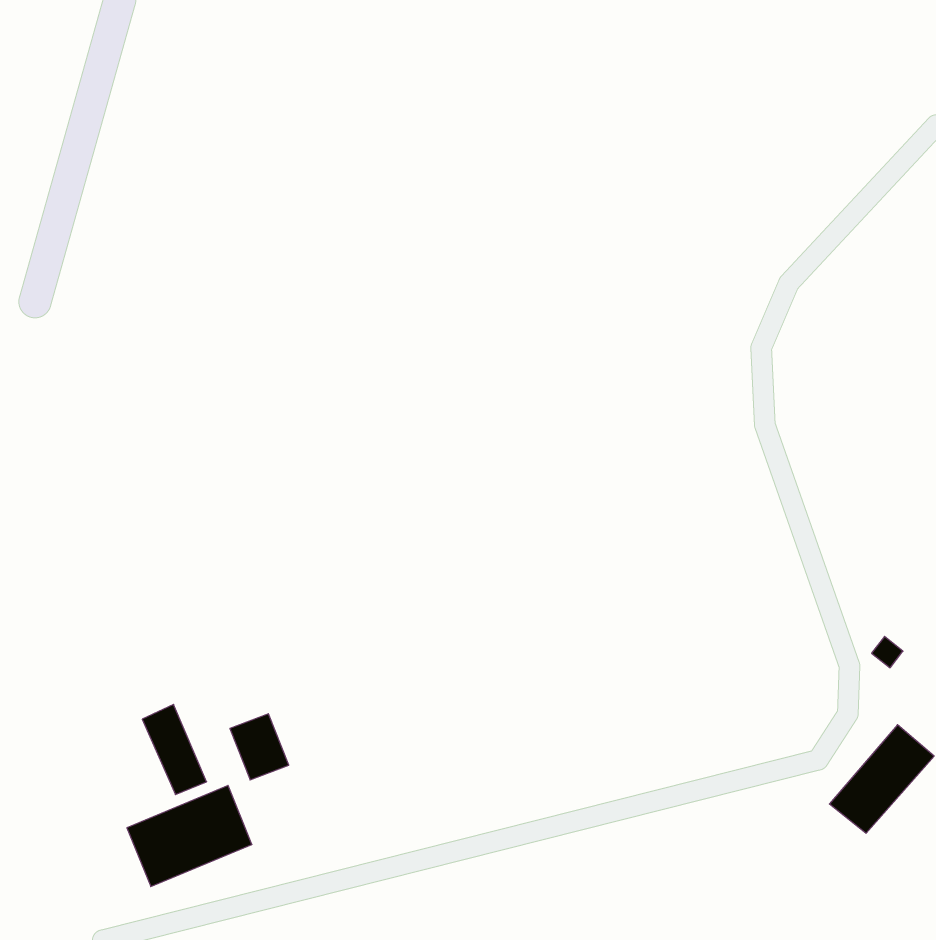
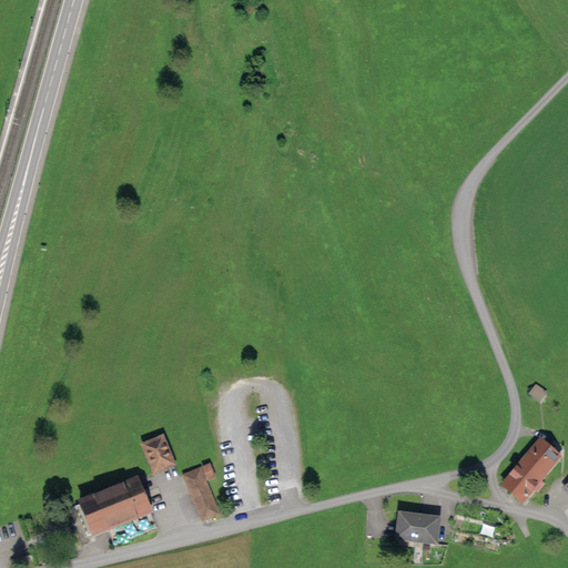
building: [142,704,207,795] -> [180,463,219,517]
building: none -> [393,510,442,544]

